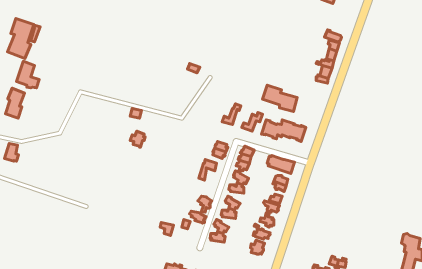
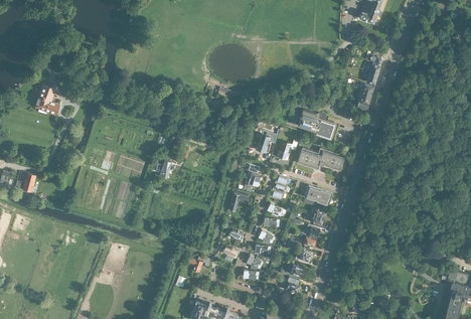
building: [8,19,34,58] -> none
building: [5,88,25,118] -> none

